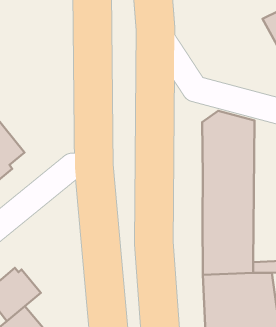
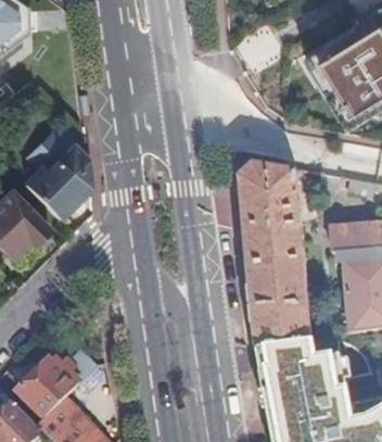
building: none -> [25,131,90,219]

